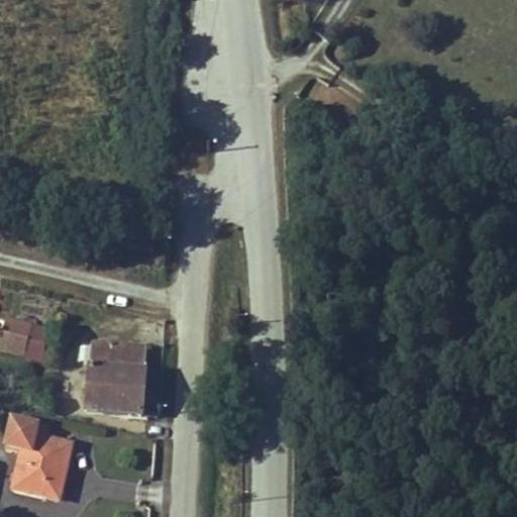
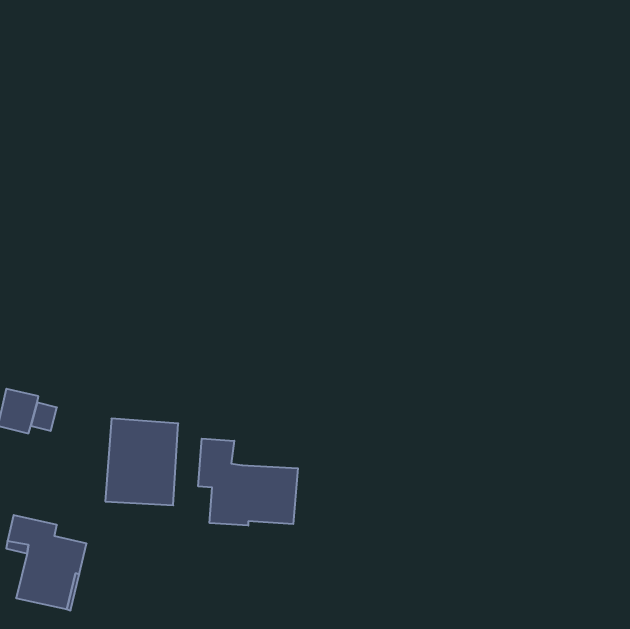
building: none -> [198,439,298,526]

